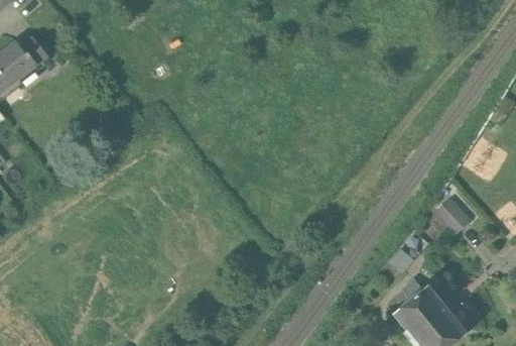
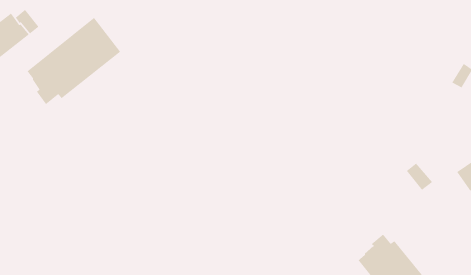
building: none -> [27,17,121,105]

